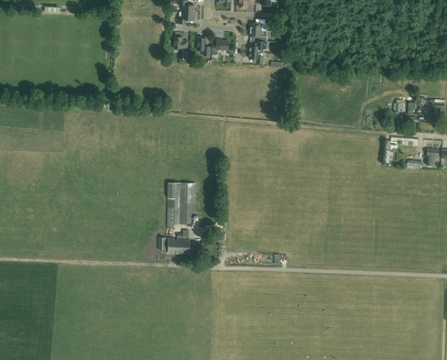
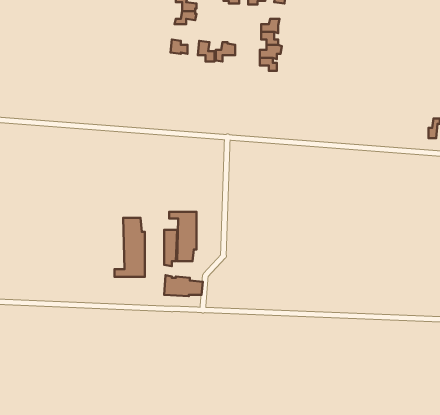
building: none -> [115,218,145,277]

